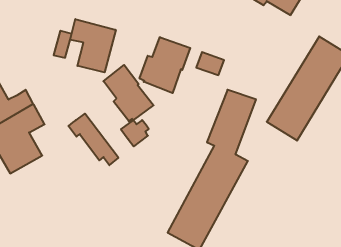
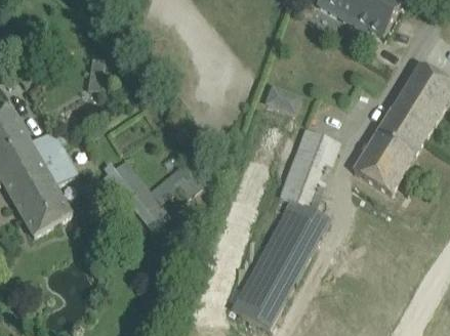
building: [70,19,116,72] -> none
building: [140,37,190,93] -> none
building: [103,65,154,121] -> none

